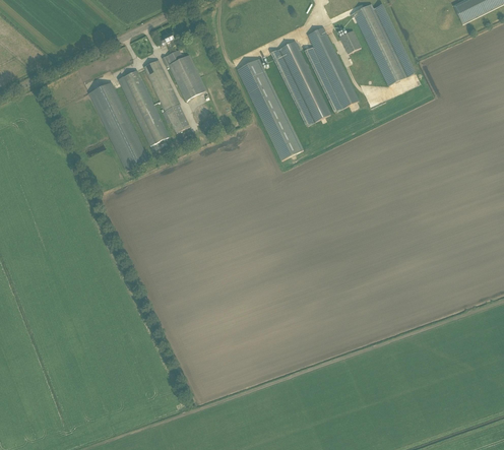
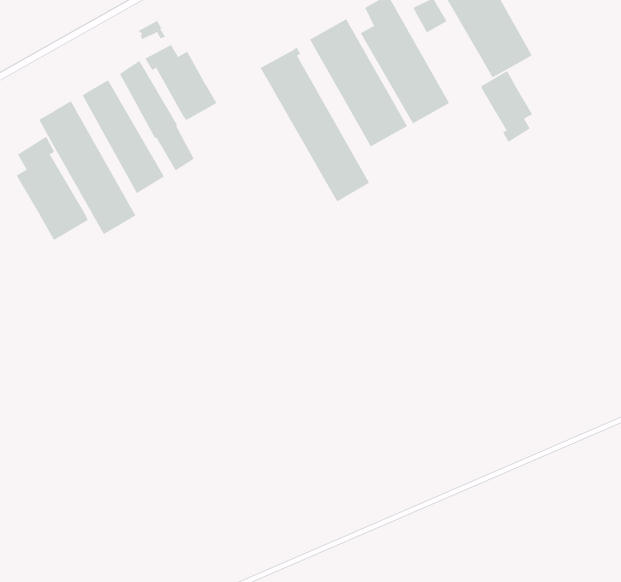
building: none -> [480,70,533,143]
building: none -> [16,136,88,241]

